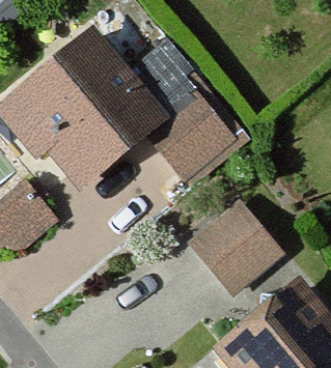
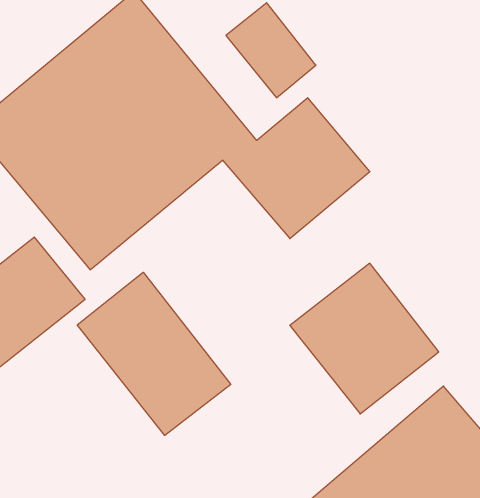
building: none -> [77,272,231,435]

